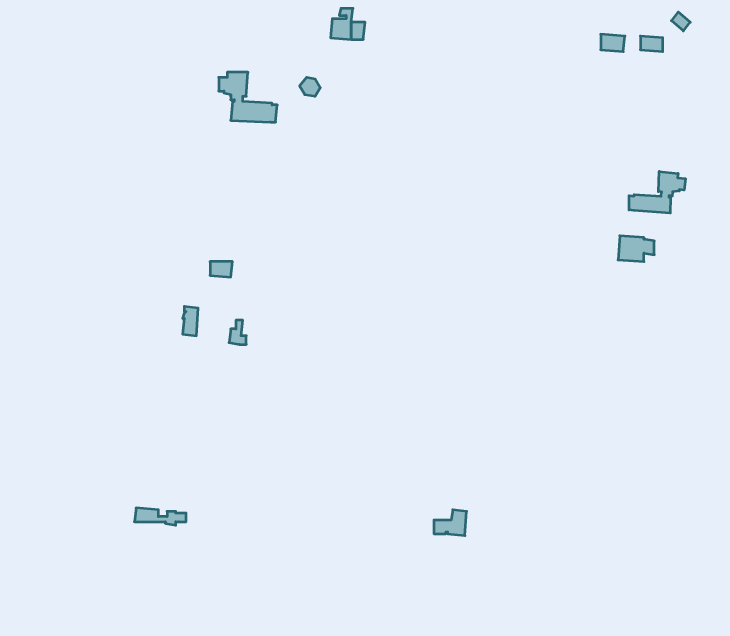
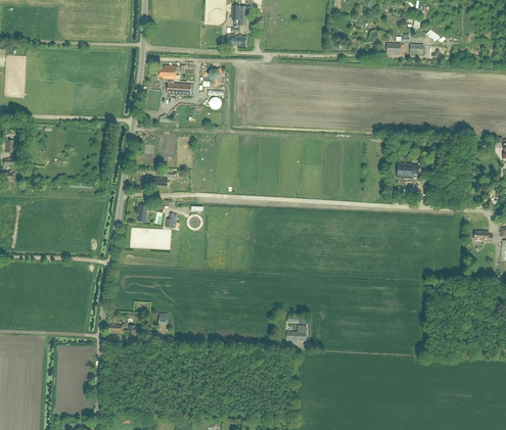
building: [629,171,685,213] -> none

